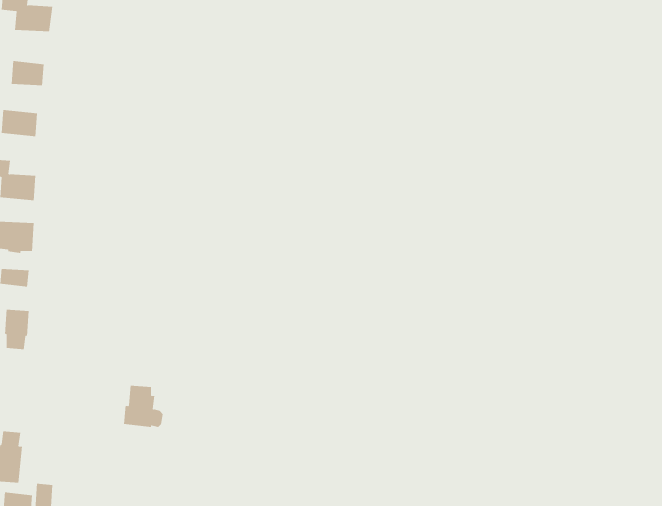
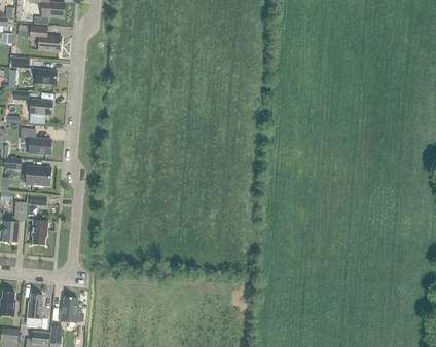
building: [123,385,164,428] -> [59,296,83,321]

